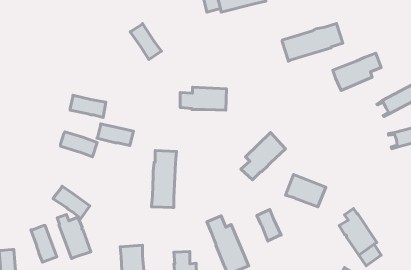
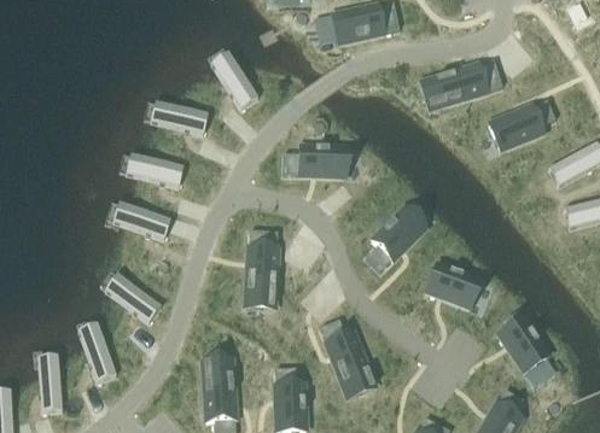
building: [97,124,134,145] -> [158,105,208,134]
building: [257,209,281,241] -> none
building: [57,215,91,258] -> none

